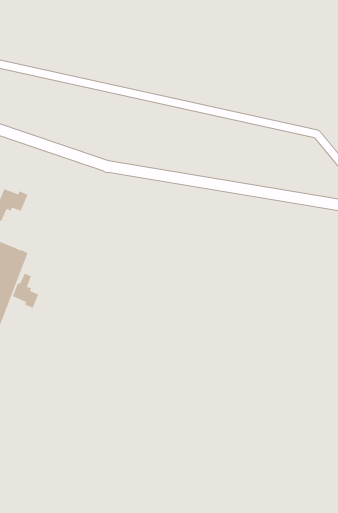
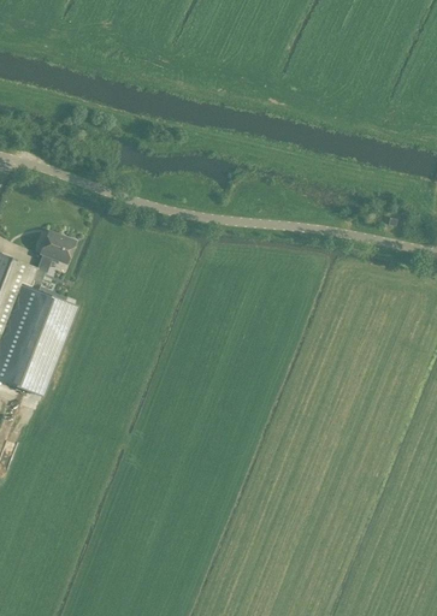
building: [12,273,39,309] -> none

